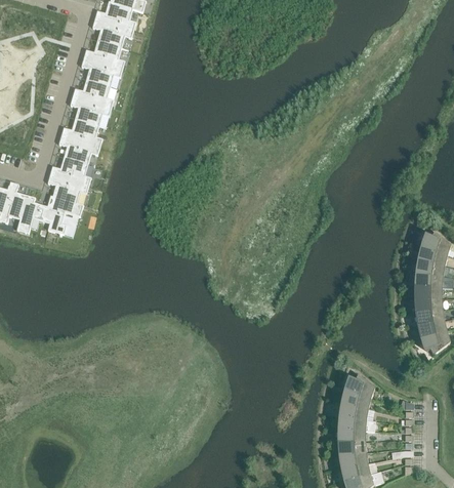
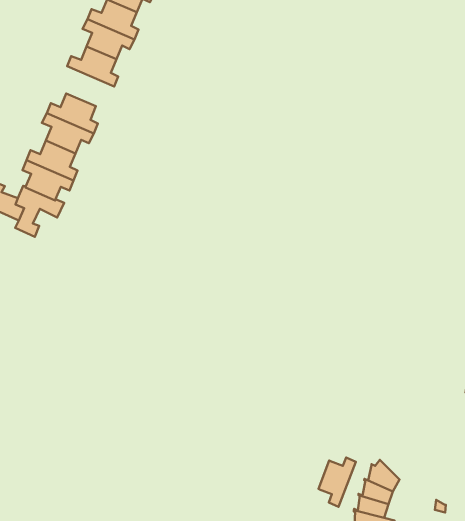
building: [68,97,110,126] -> none
building: none -> [318,458,356,507]

